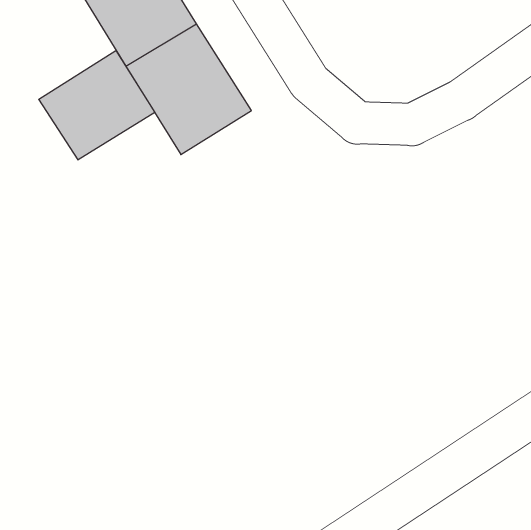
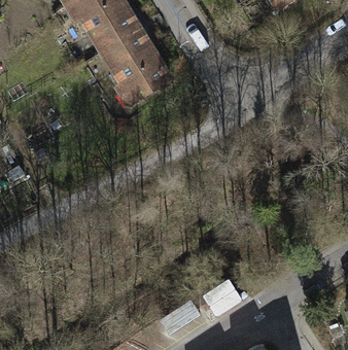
building: [39,51,155,160] -> none

